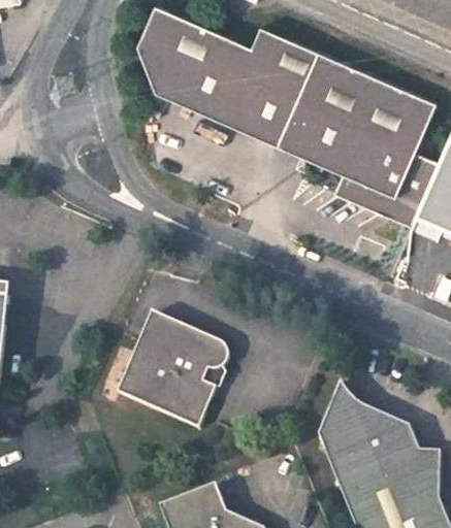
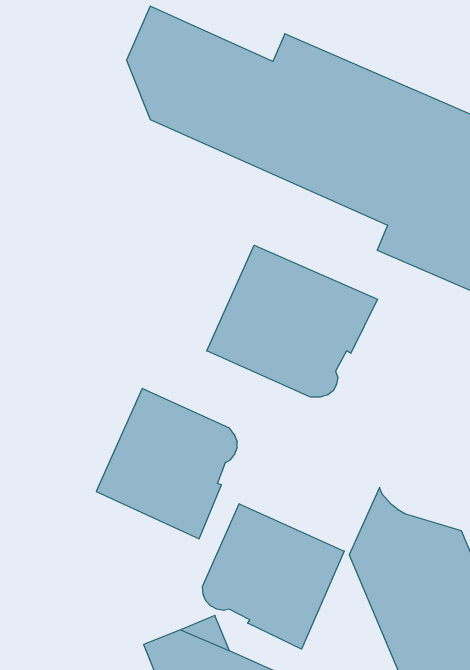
building: none -> [207,245,377,397]
building: none -> [203,504,344,649]

